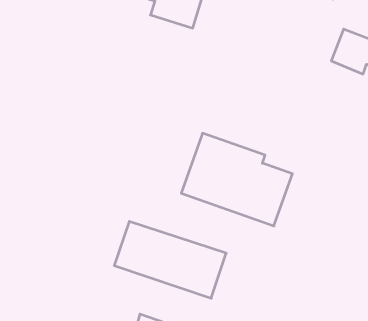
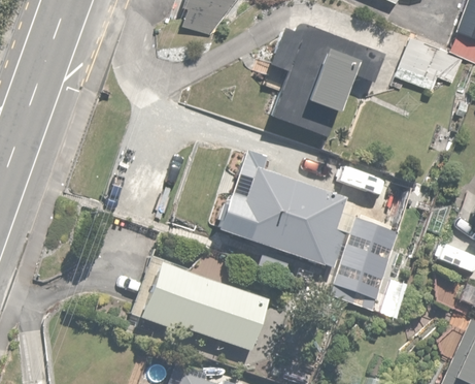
building: none -> [274,26,385,135]
building: none -> [329,221,400,313]

